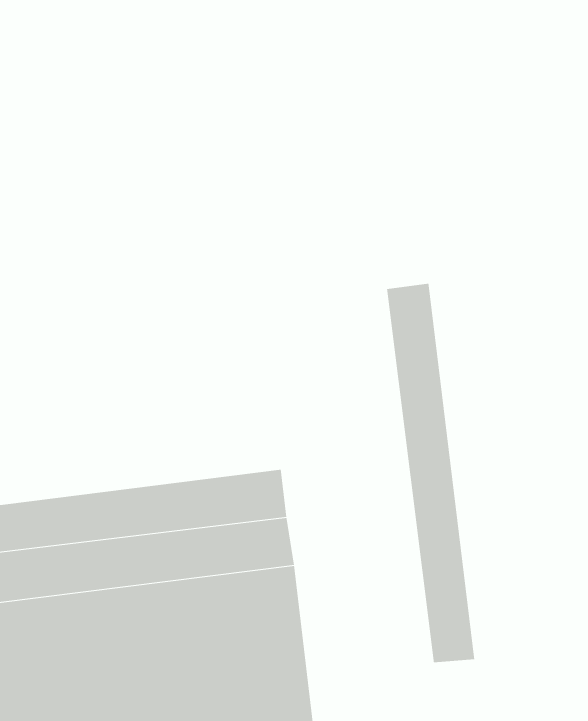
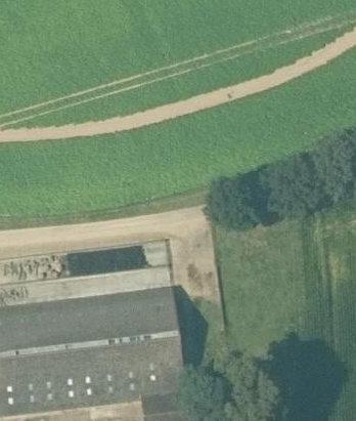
building: [387,283,475,663] -> none

